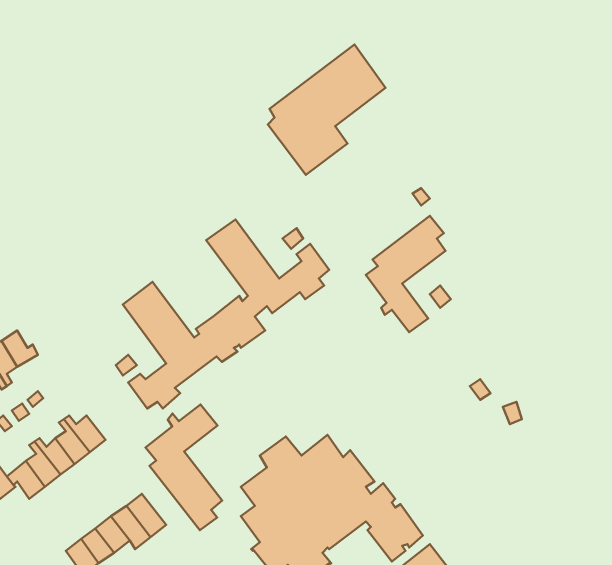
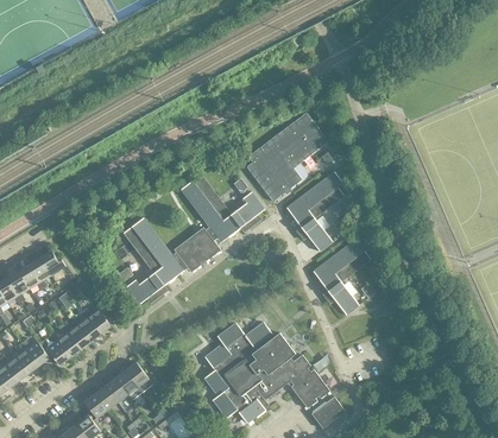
building: [268,45,386,175] -> [247,113,328,202]
building: none -> [315,235,370,316]
building: [146,405,222,530] -> none

